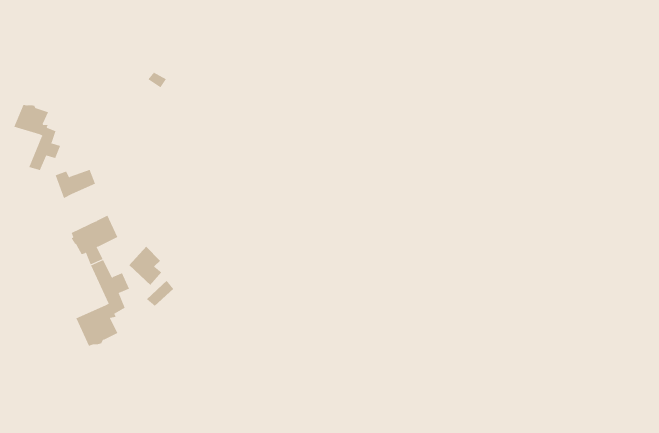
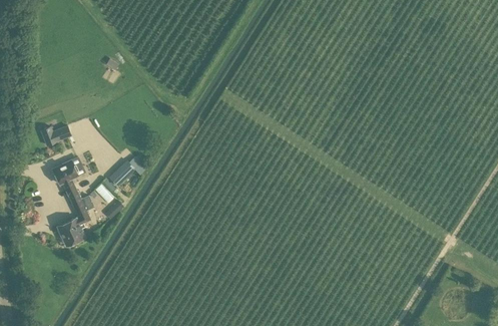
building: [14,104,61,171] -> none
building: none -> [110,157,146,186]

